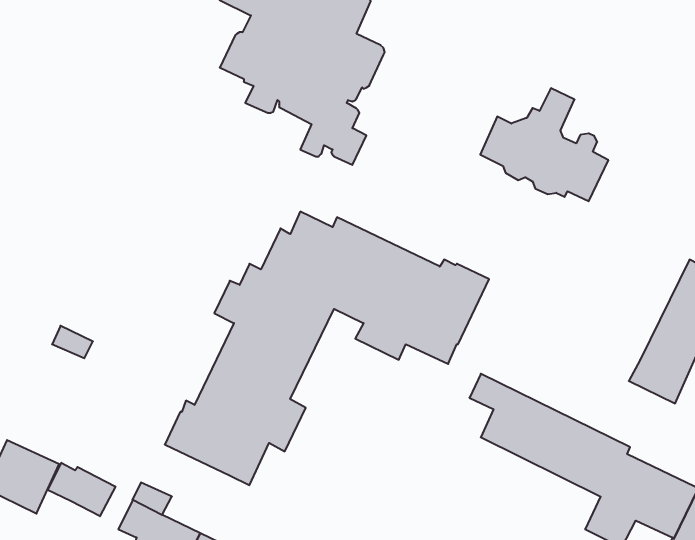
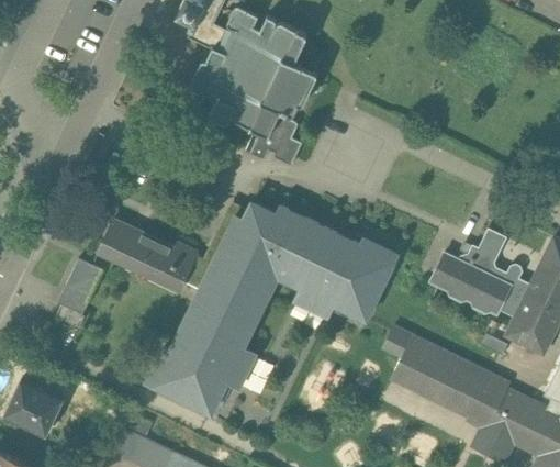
building: [480,88,608,201] -> [432,230,531,318]
building: none -> [98,221,197,290]
building: none -> [65,260,104,303]
building: [47,463,115,516] -> none

